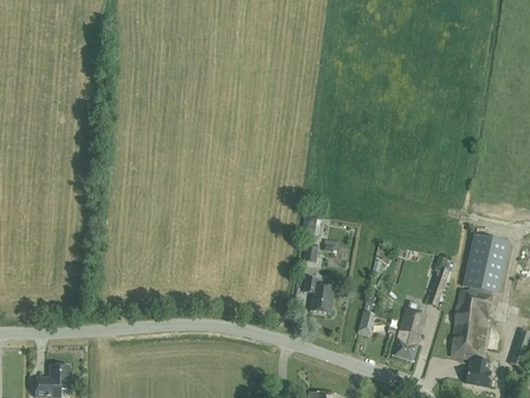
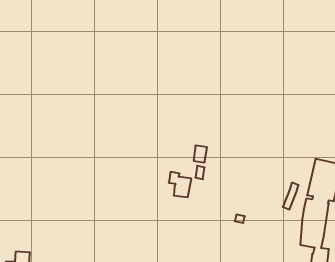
building: [303,276,335,312] -> [169,172,191,197]
building: [393,308,426,360] -> none

